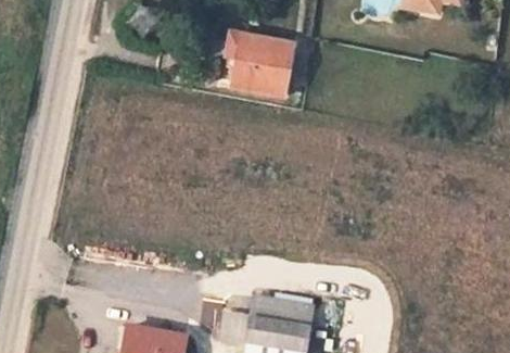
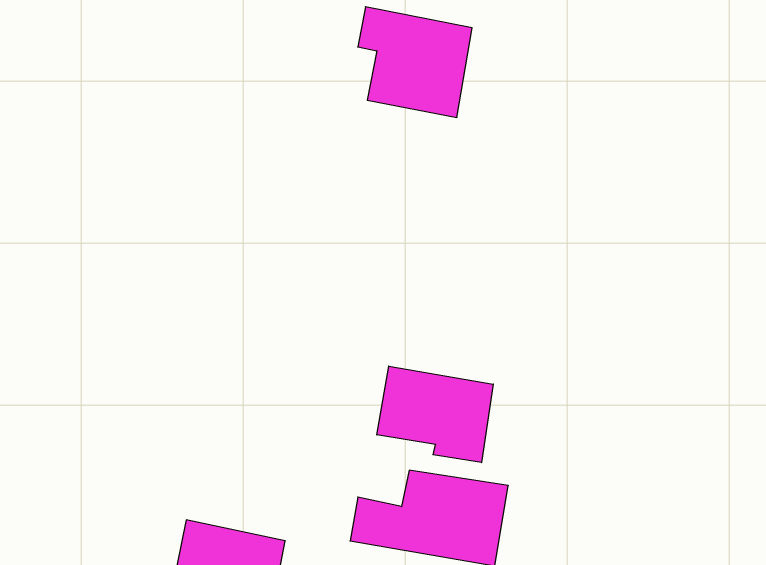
building: none -> [377,366,493,463]

